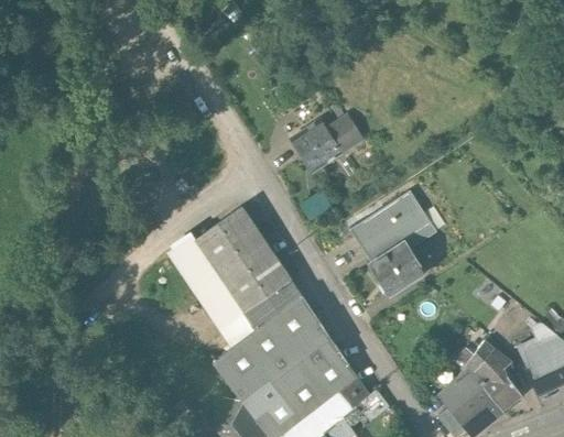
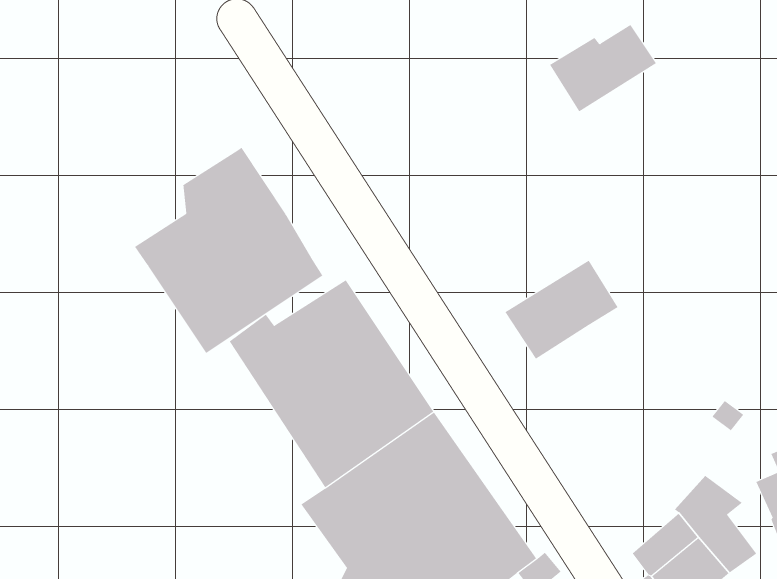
building: [292,114,365,174] -> [549,24,657,112]
building: none -> [134,147,323,354]
building: [364,240,426,299] -> none

